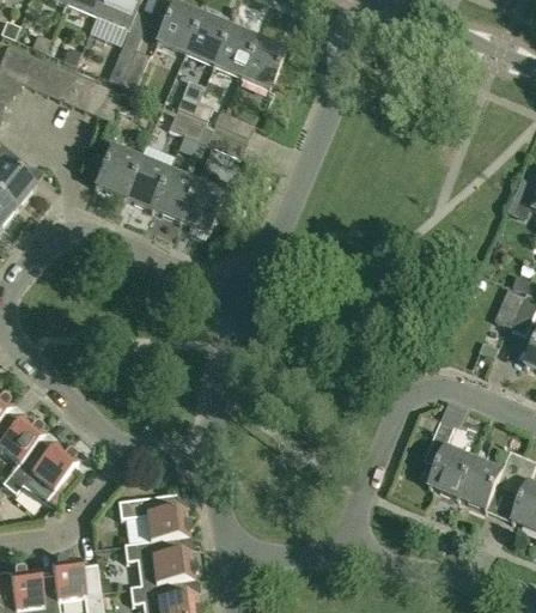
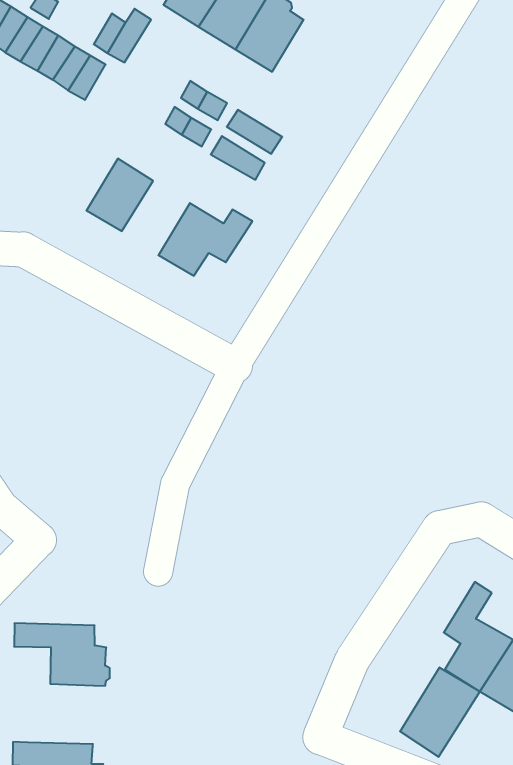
building: [240,37,286,90] -> none
building: [93,145,140,198] -> none
building: [151,169,196,221] -> none
building: none -> [400,667,480,757]
building: [123,536,196,584] -> none

